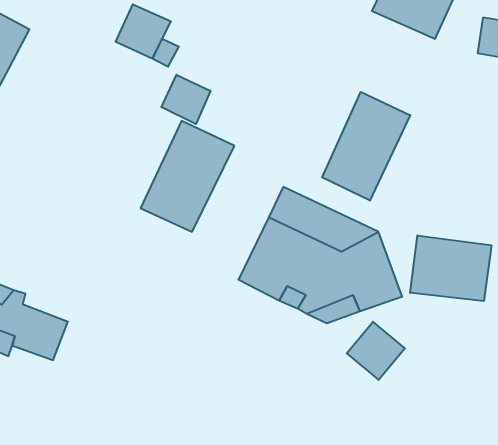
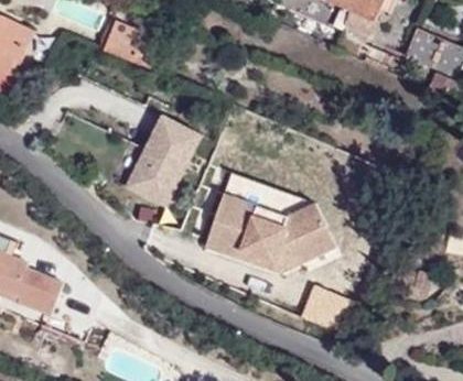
building: [161,75,210,124] -> none
building: [322,92,410,201] -> none
building: [410,235,491,301] -> none

